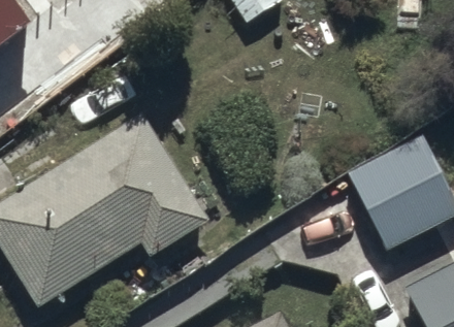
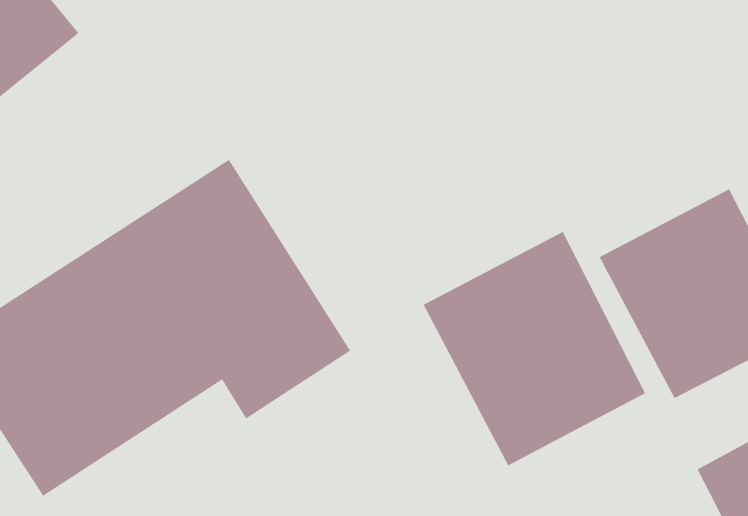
building: none -> [422,231,646,466]

